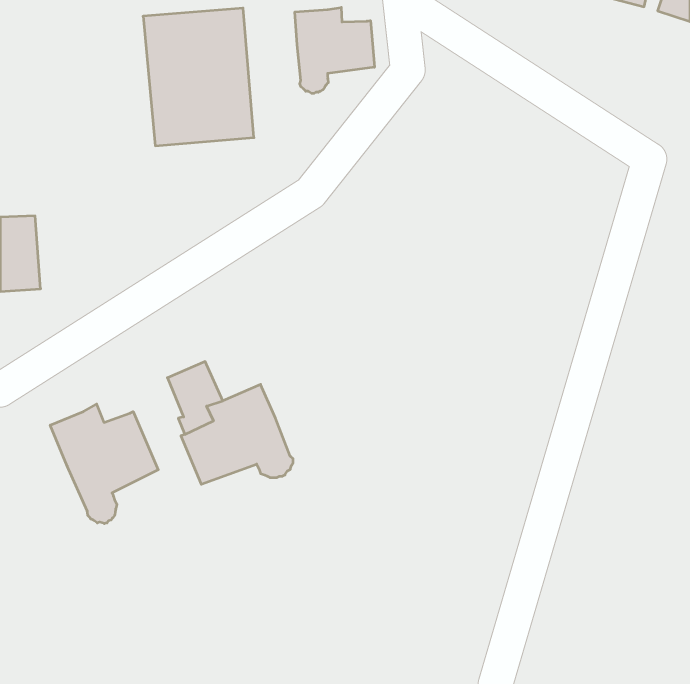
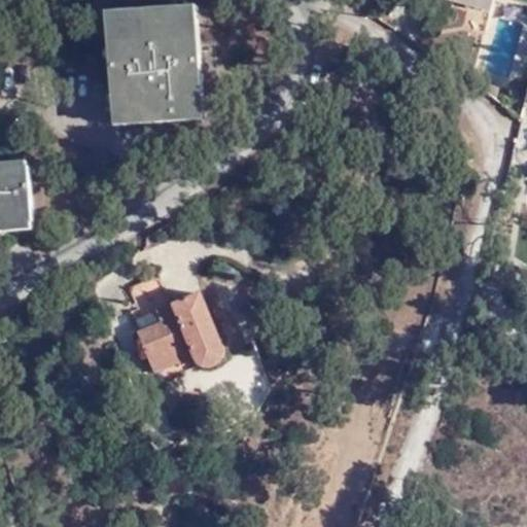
building: [295,7,374,93] -> none
building: [50,404,158,524] -> none

